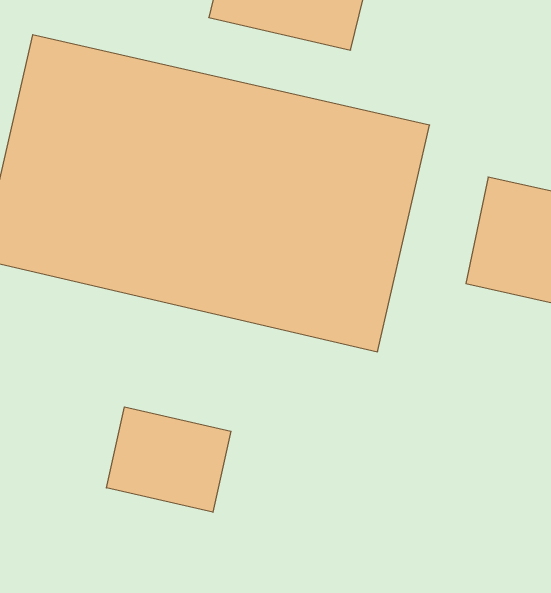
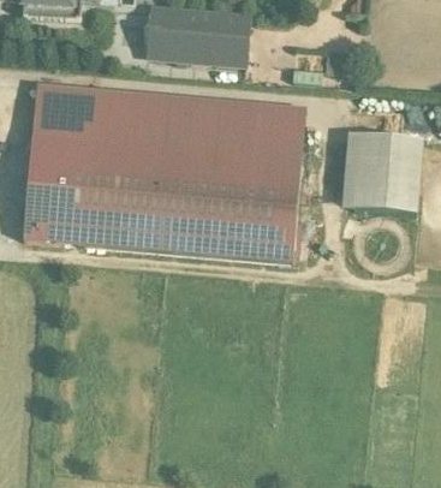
building: [106,407,231,512] -> none

